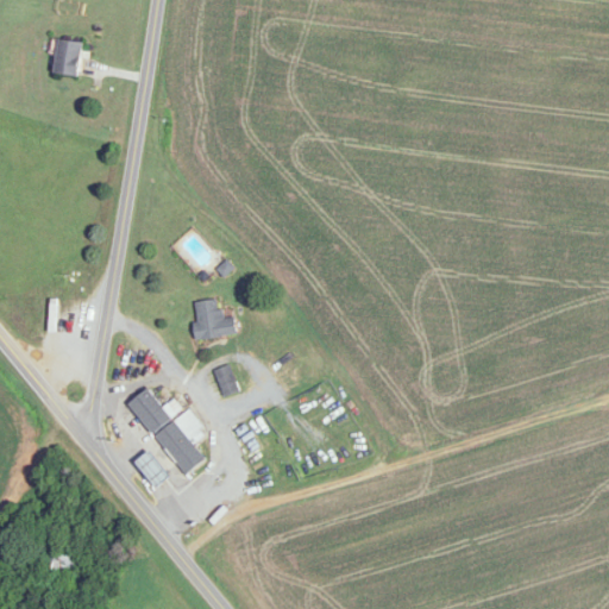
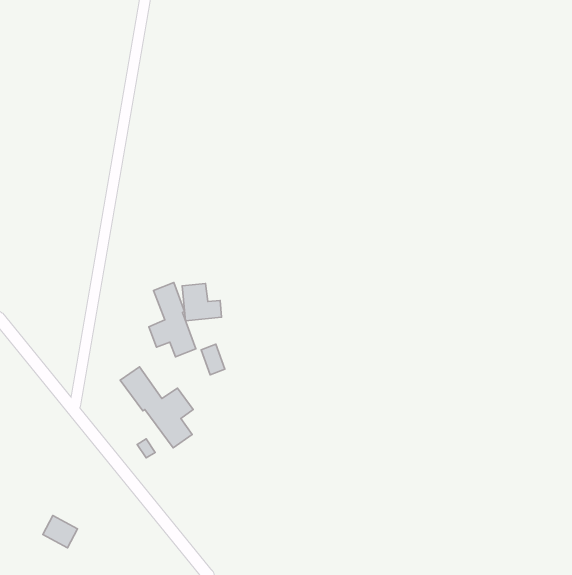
building: [52,39,80,76] -> none
building: none -> [149,283,196,357]

